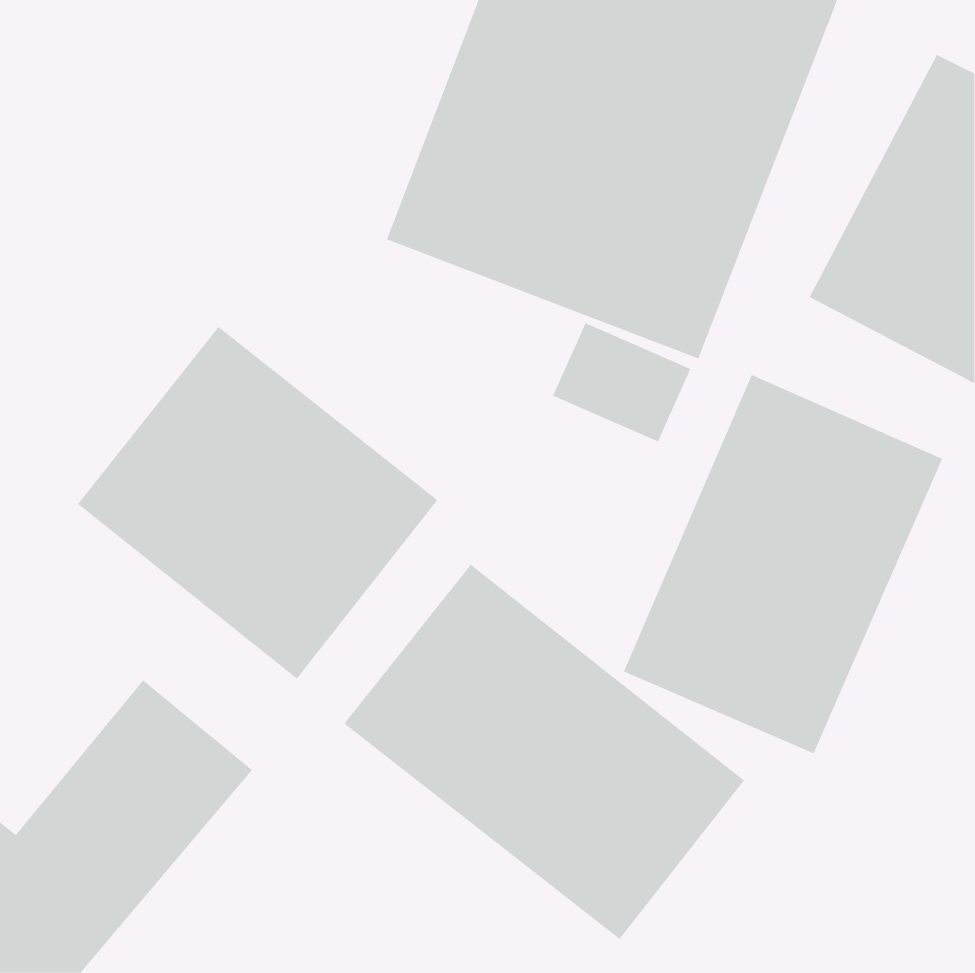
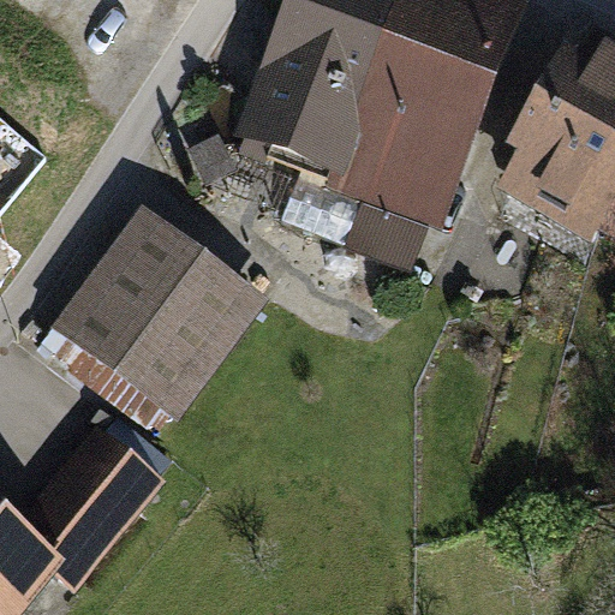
building: [623,374,943,754] -> none
building: [343,564,745,940] -> none

